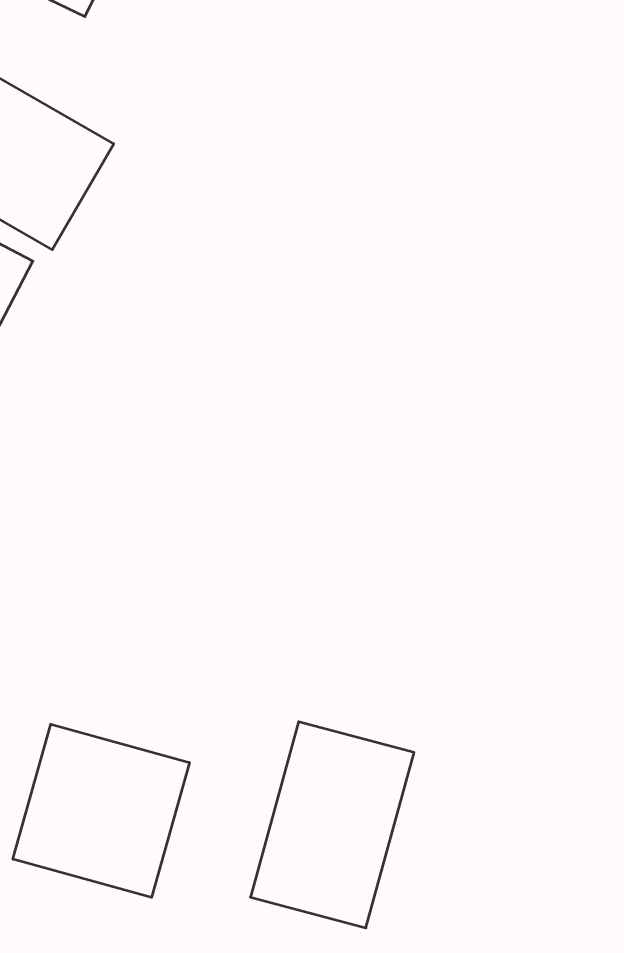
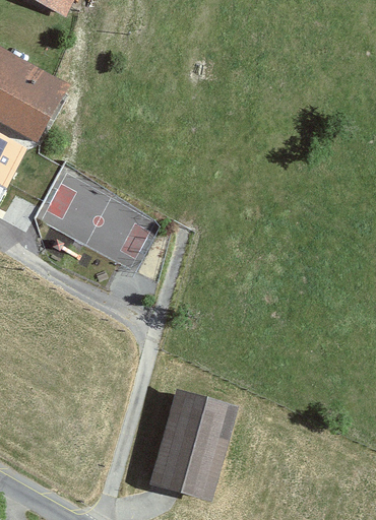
building: [13,724,189,897] -> none

